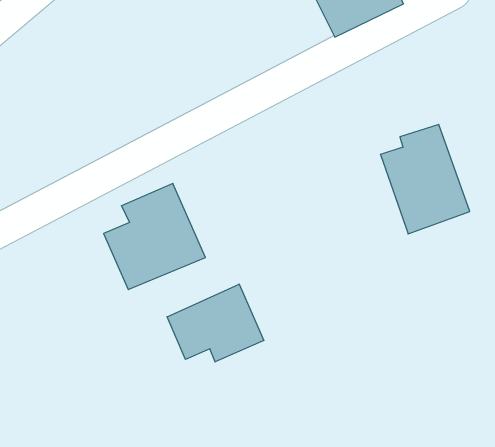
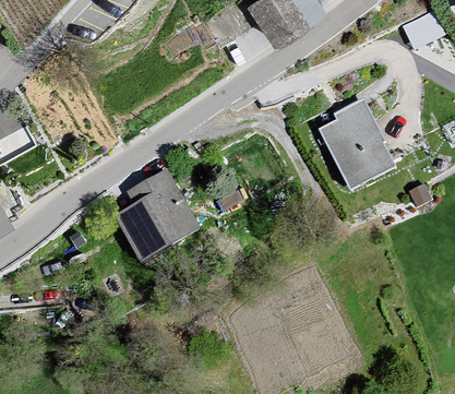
building: [167,284,264,362] -> none

